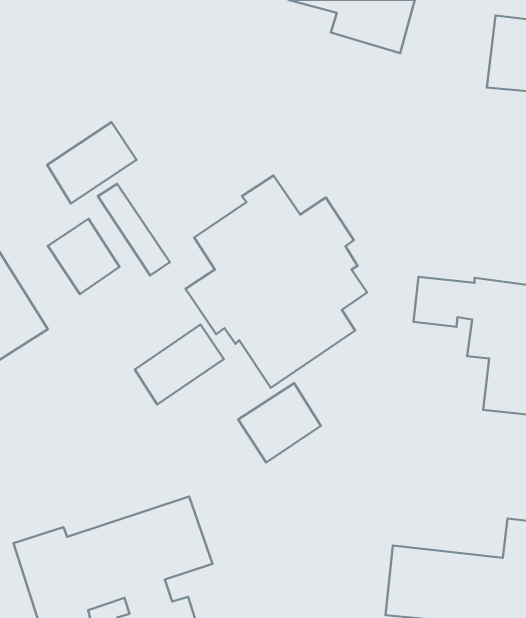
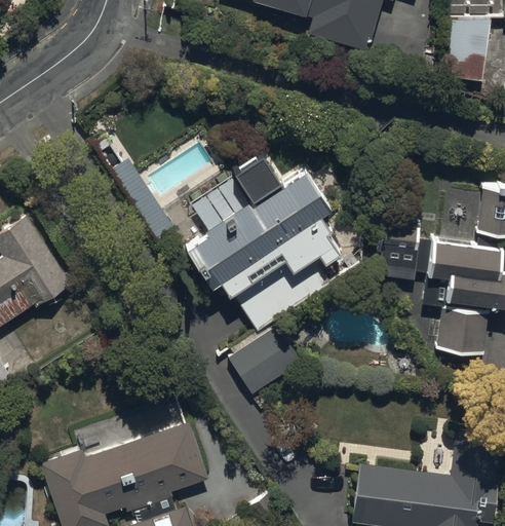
building: [47,122,137,203] -> none
building: [48,219,120,294] -> none
building: [135,325,224,405] -> none

